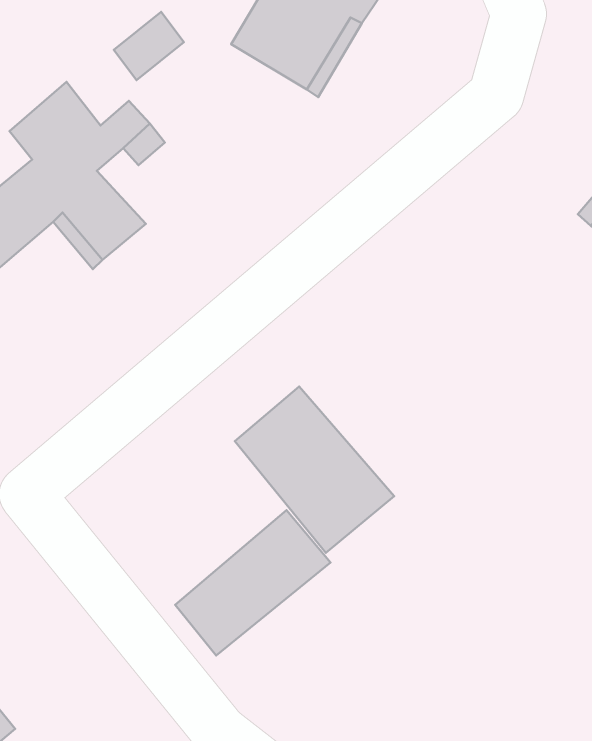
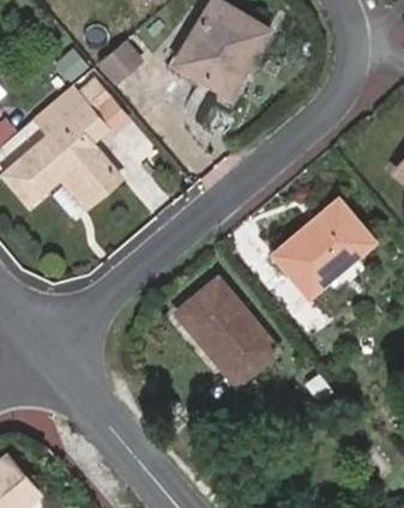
building: none -> [275,199,373,296]
building: [175,510,330,655] -> none

